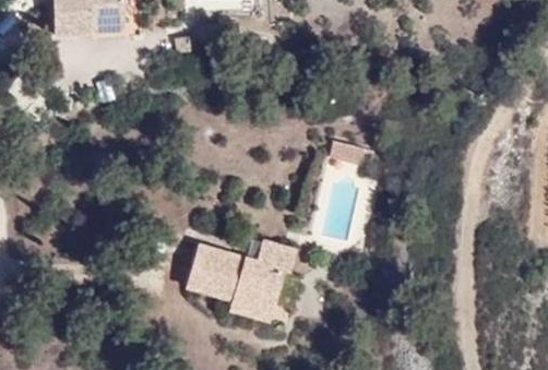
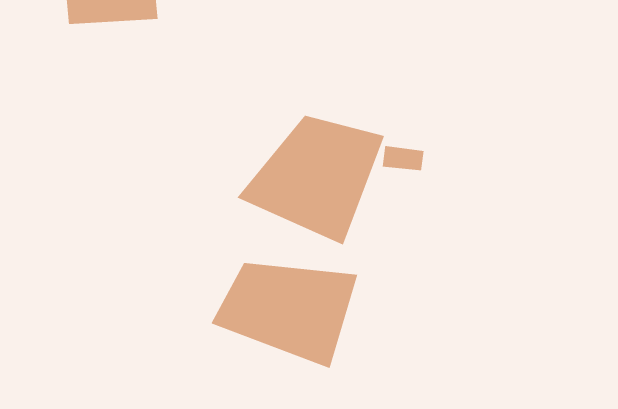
building: none -> [236,115,385,245]

